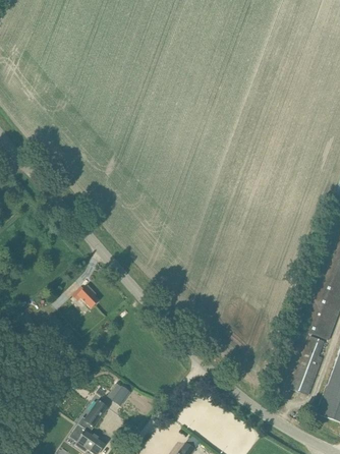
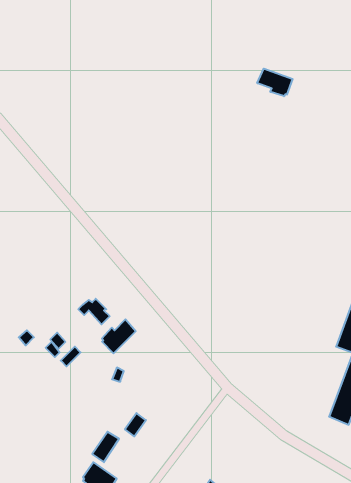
building: none -> [257,69,293,96]
building: none -> [102,319,136,353]

